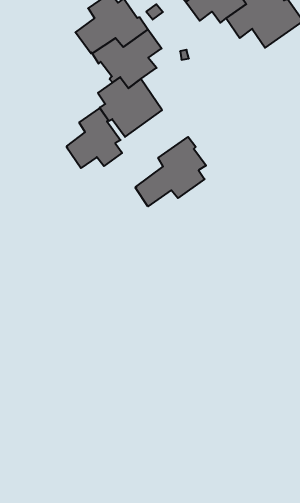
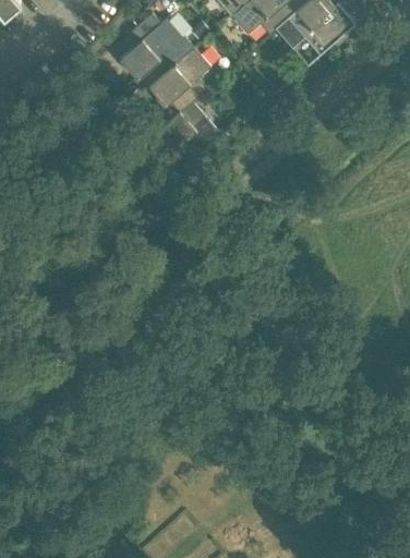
building: [67,108,122,168] -> none
building: [135,137,206,206] -> none

